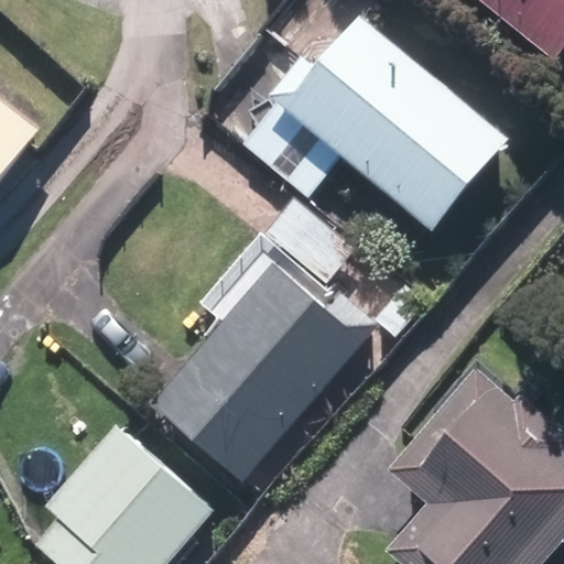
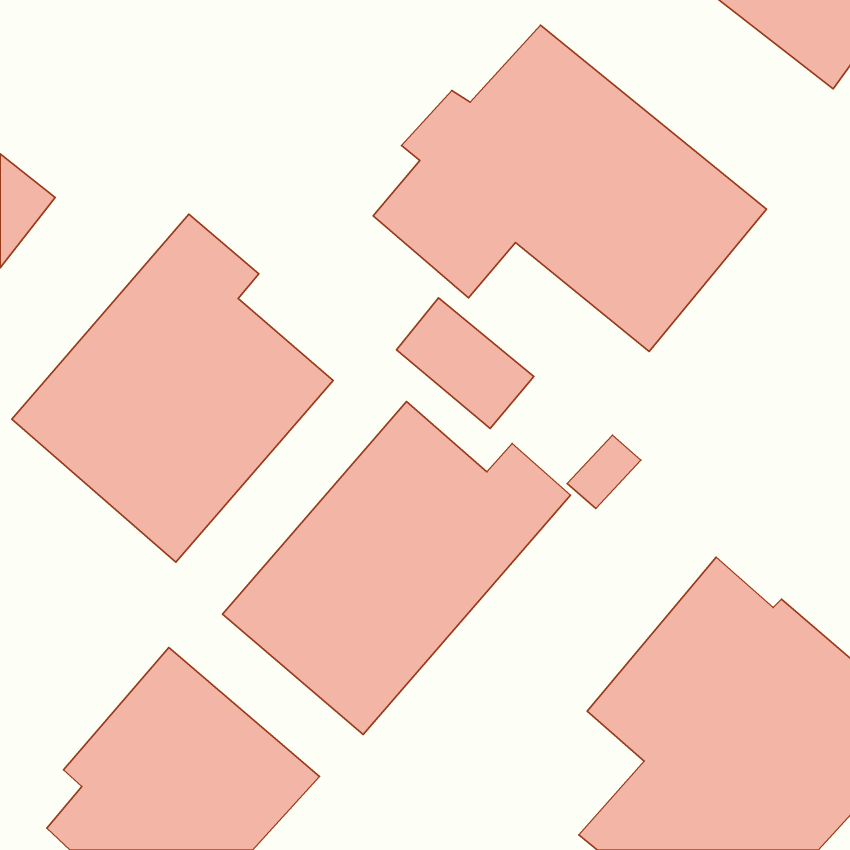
building: none -> [12,214,333,562]

